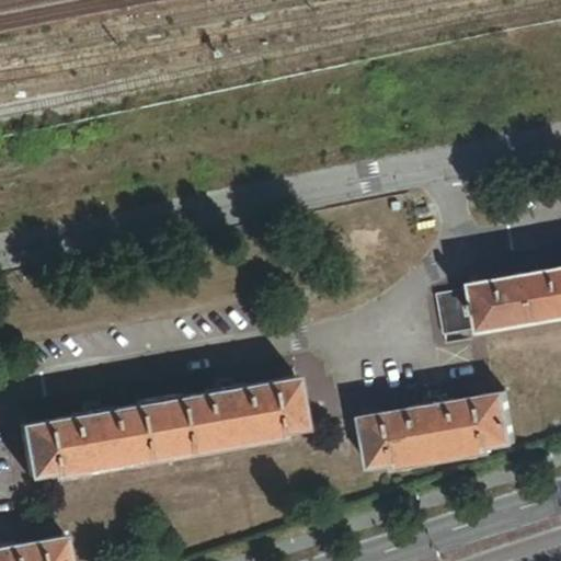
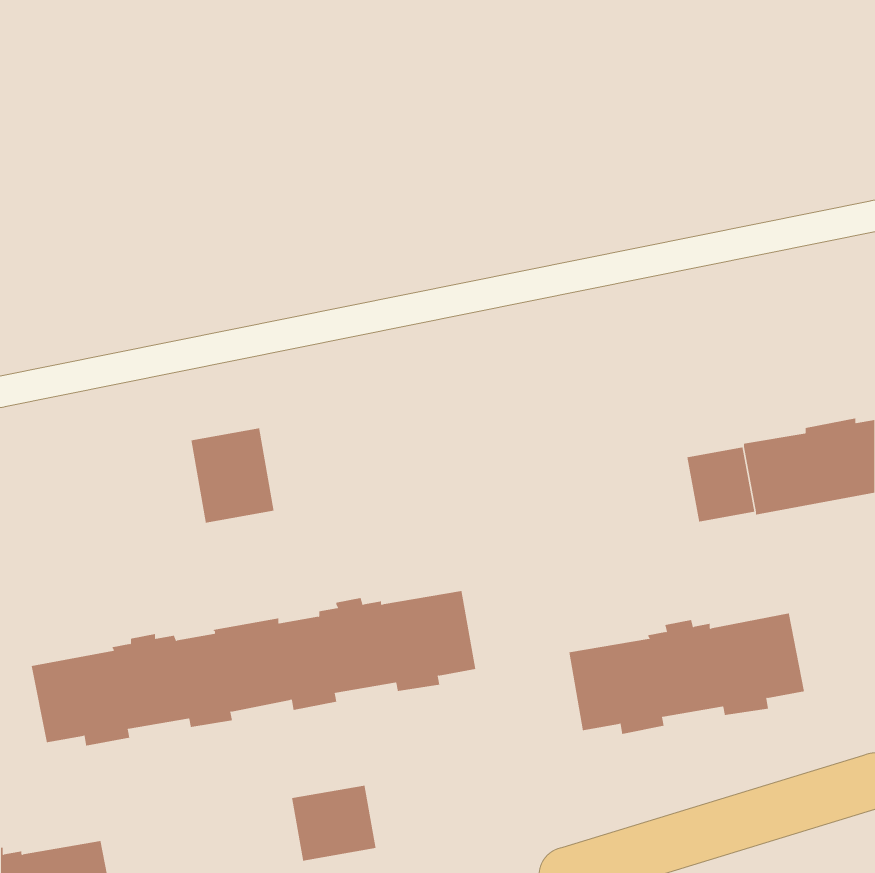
building: none -> [191,428,274,523]
building: none -> [292,785,376,861]

